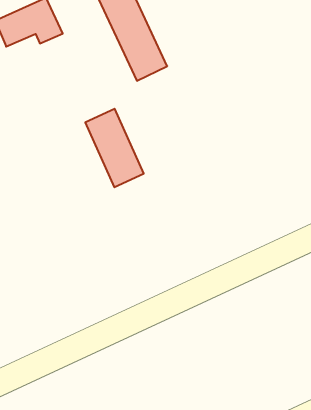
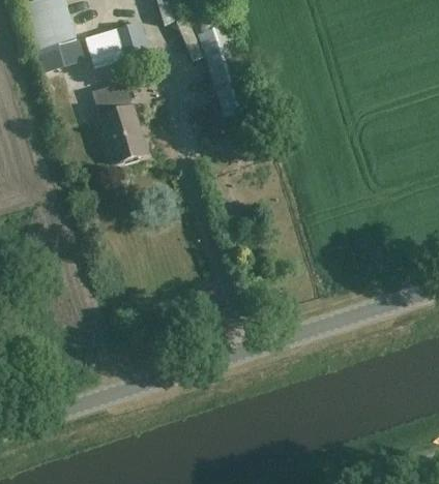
building: [85,109,144,187] -> [90,83,144,163]

